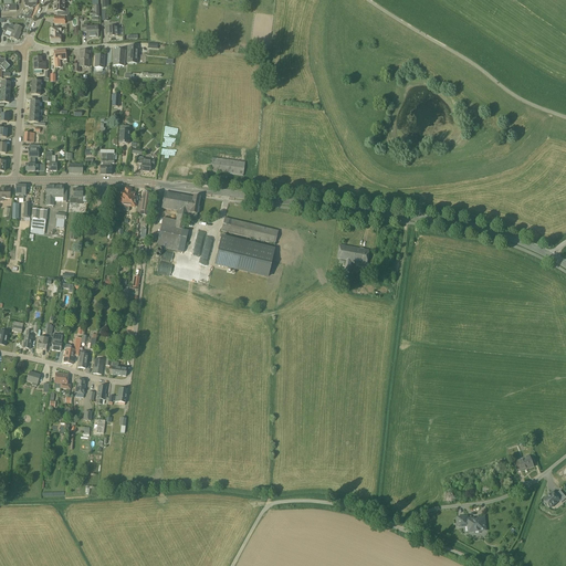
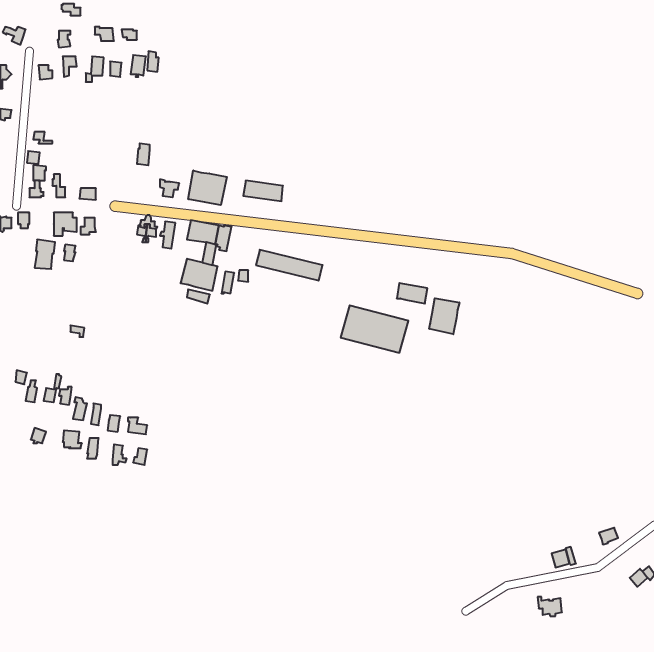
building: none -> [188,170,227,205]
building: [216,234,274,275] -> [341,305,408,353]
building: none -> [429,298,459,334]

